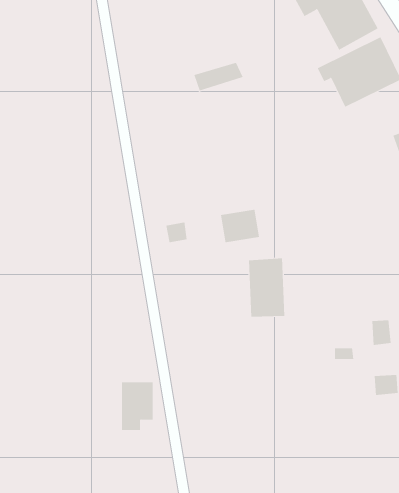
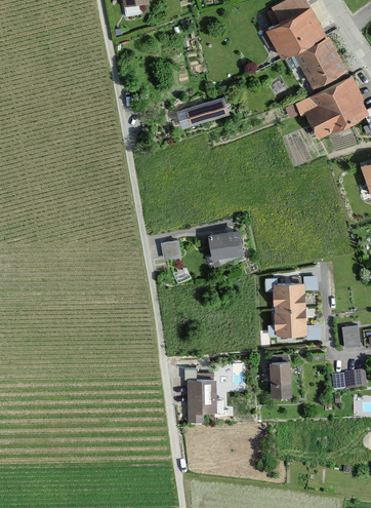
building: [248,258,285,317] -> [274,282,306,335]
building: none -> [271,362,292,396]
building: [121,382,154,431] -> [188,380,216,423]

